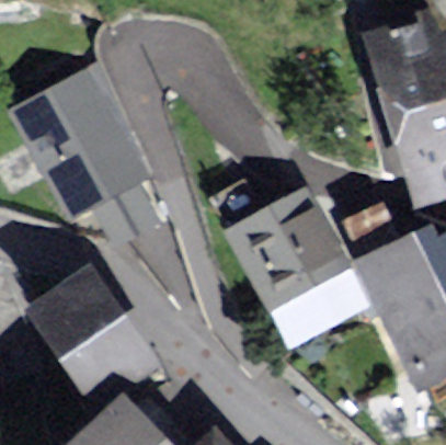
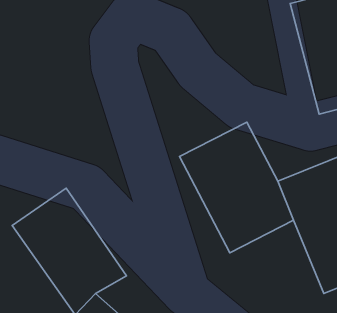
building: [13,70,159,243] -> none

